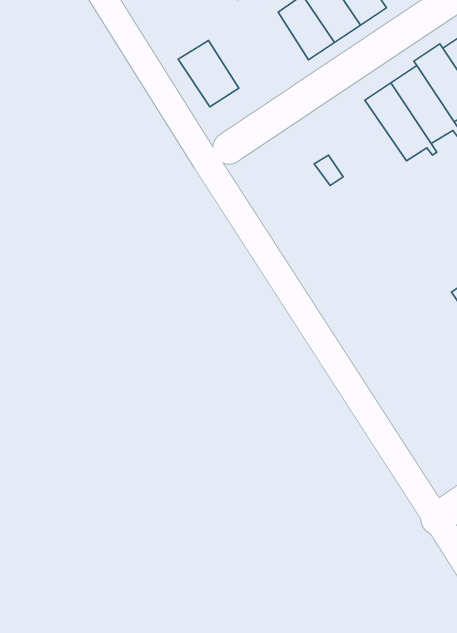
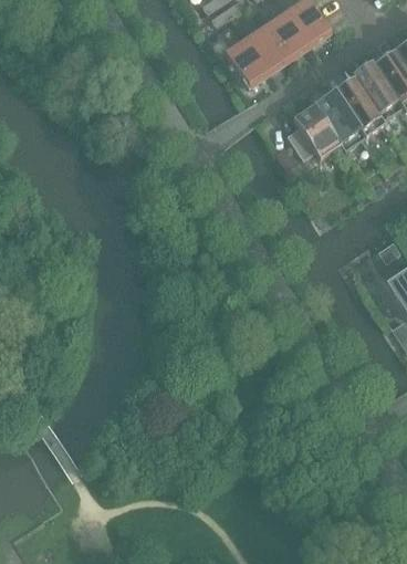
building: [178,41,239,107] -> [222,35,269,86]
building: none -> [284,103,344,158]

